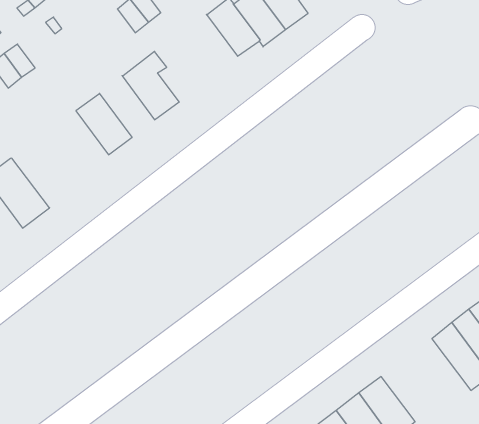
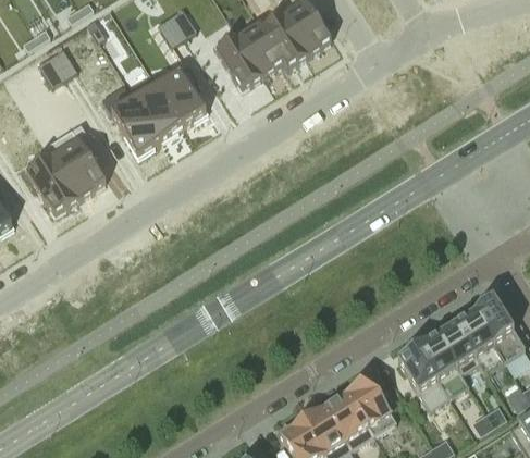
building: none -> [213,29,263,88]
building: none -> [128,74,183,139]
building: none -> [46,123,107,197]
building: none -> [398,346,449,408]

